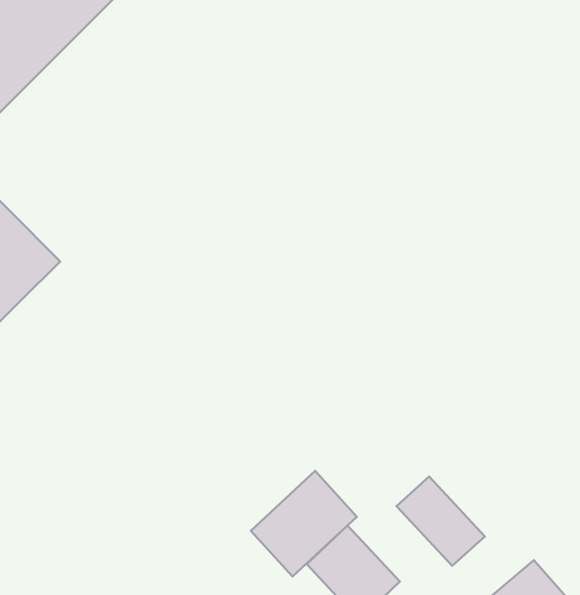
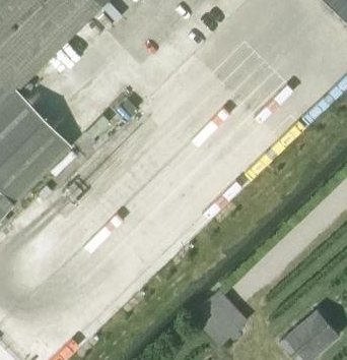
building: [251,471,357,577] -> none
building: [397,477,485,566] -> none

